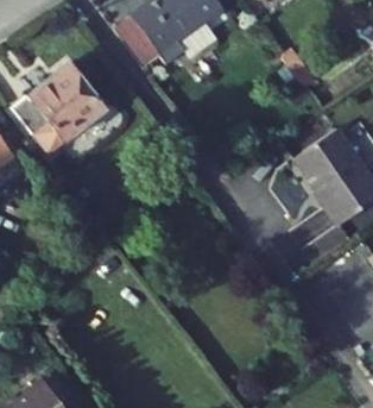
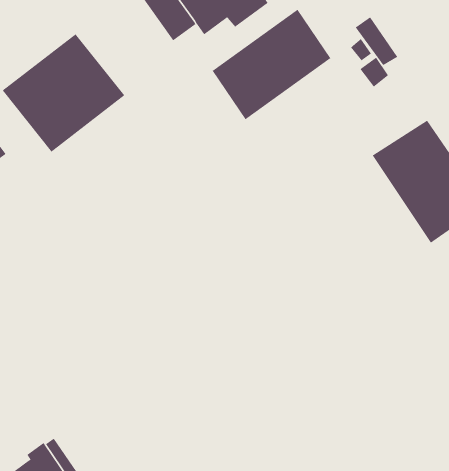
building: none -> [212,9,331,120]

